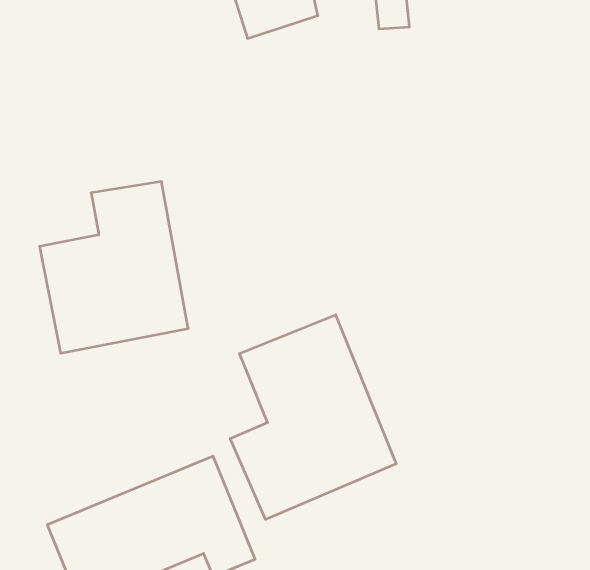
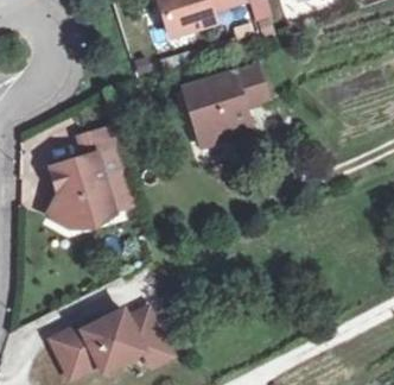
building: none -> [191,65,273,144]
building: [230,315,396,519] -> none

